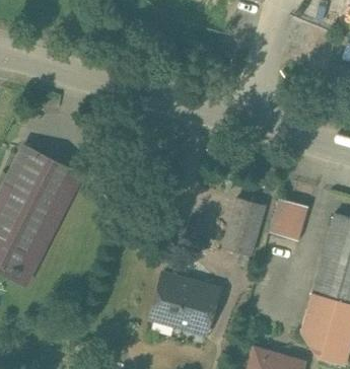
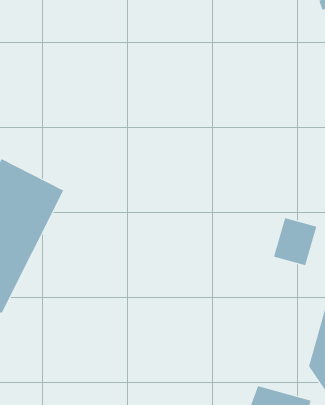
building: [222,197,264,254] -> none
building: [150,274,218,333] -> none

